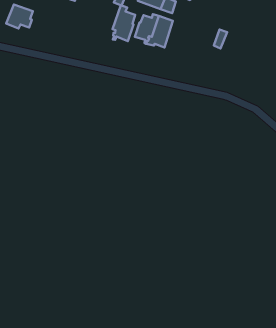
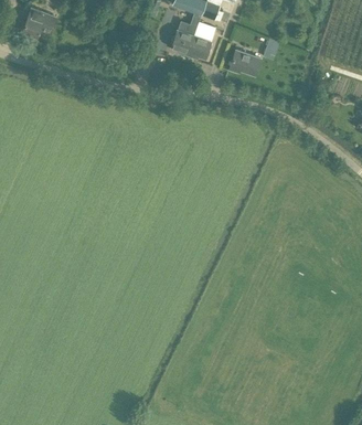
building: [112,5,135,41] -> none
building: none -> [231,51,262,75]

